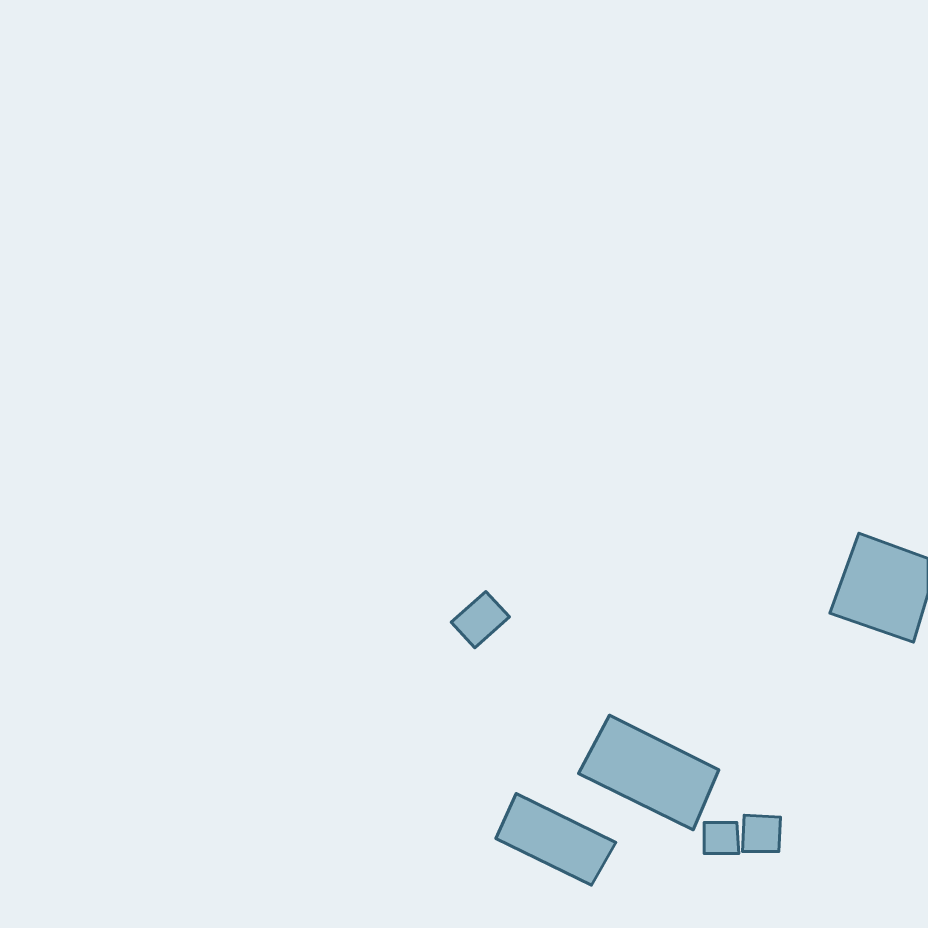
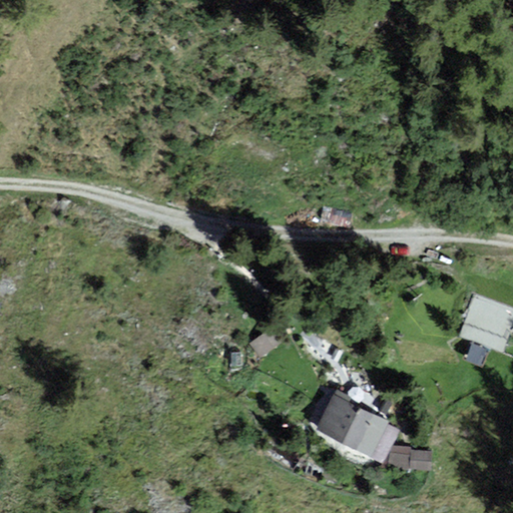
building: [496,793,616,885] -> none

